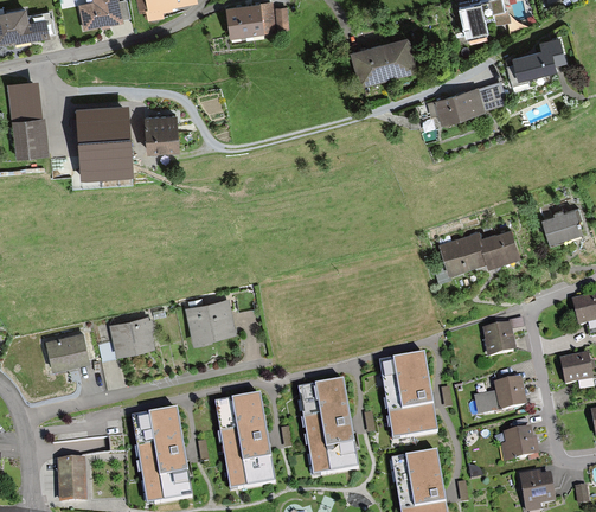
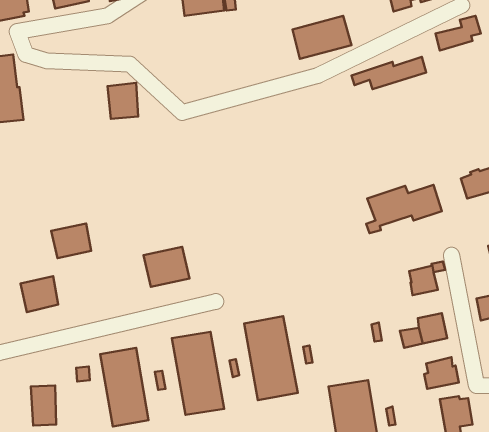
building: [76,105,132,179] -> none
building: [109,318,154,357] -> [51,224,91,258]
building: [379,354,437,439] -> none

